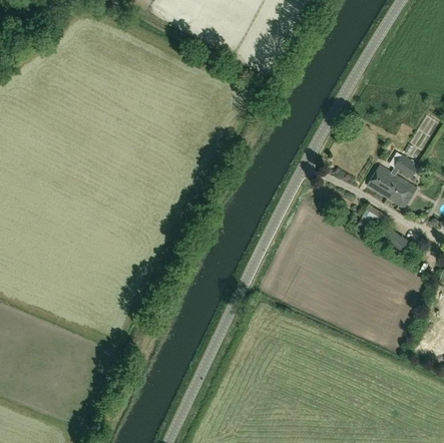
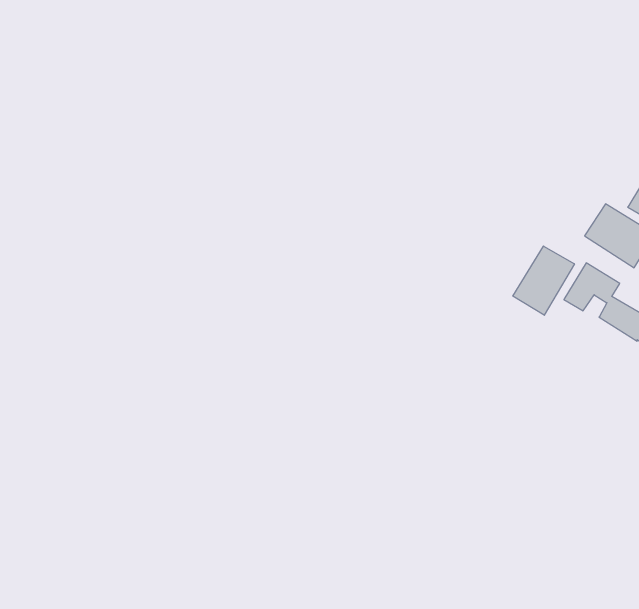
building: none -> [513,246,574,315]

